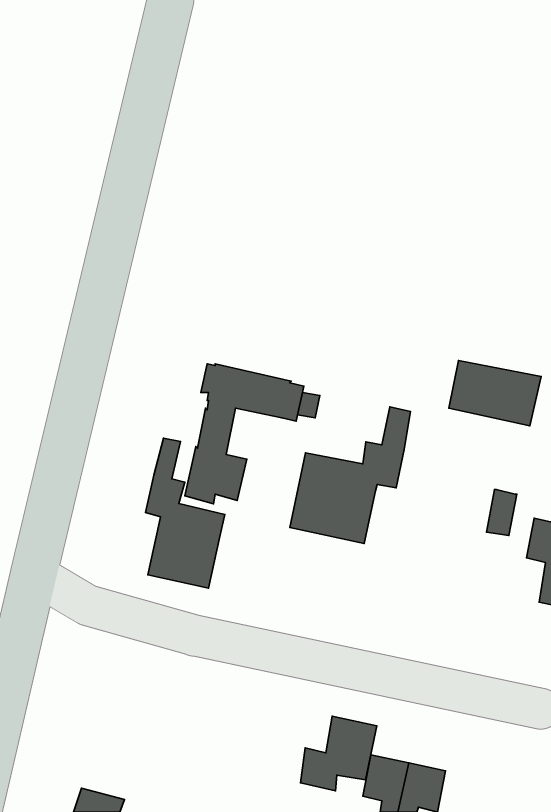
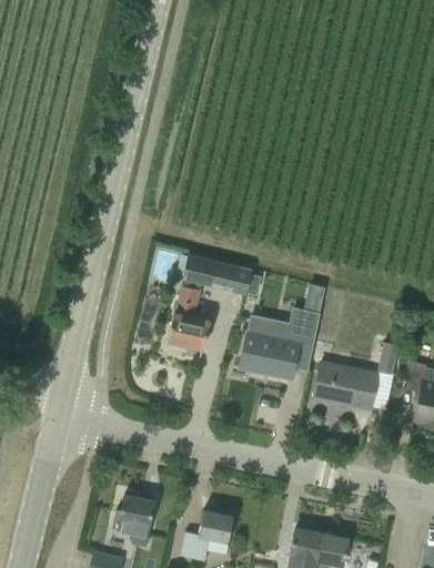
building: [449,361,541,426] -> [314,363,379,408]
building: [145,438,225,588] -> none
building: none -> [113,494,155,547]
building: [300,716,377,791] -> [181,509,234,561]

